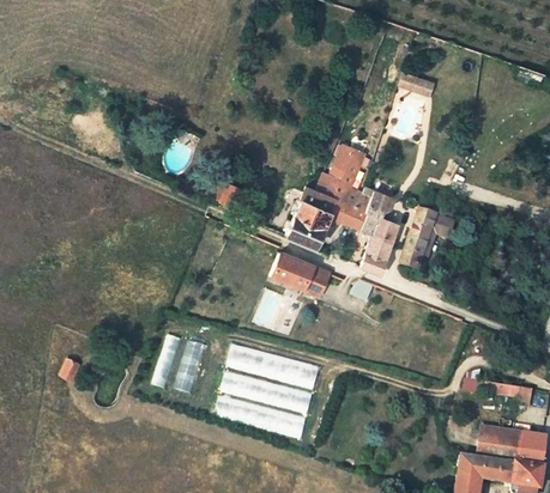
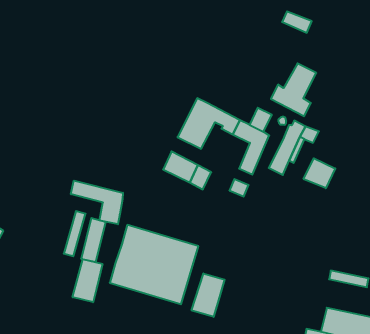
building: [316,145,369,208] -> [271,63,316,116]
building: none -> [304,158,335,188]
building: none -> [71,181,123,224]
building: none -> [73,259,102,302]
building: none -> [192,273,225,317]

